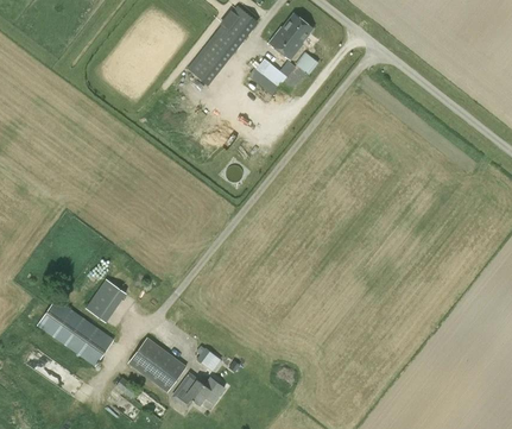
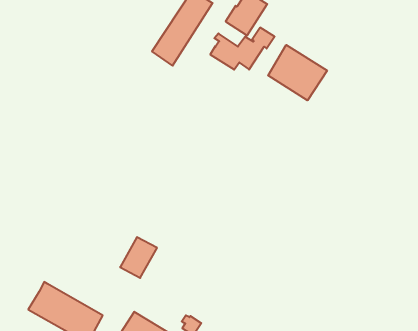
building: none -> [268,45,327,100]
building: [84,279,125,322] -> [120,237,157,278]

